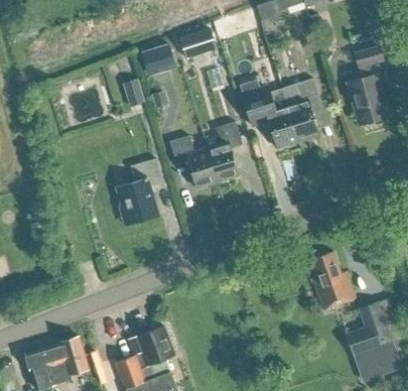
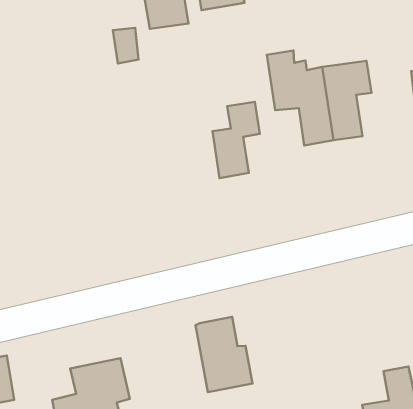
building: [169,135,218,187] -> none
building: [120,157,164,220] -> none
building: [307,251,356,309] -> [196,317,252,392]

